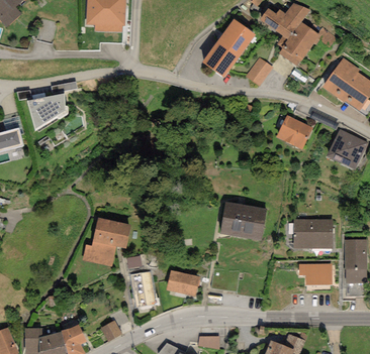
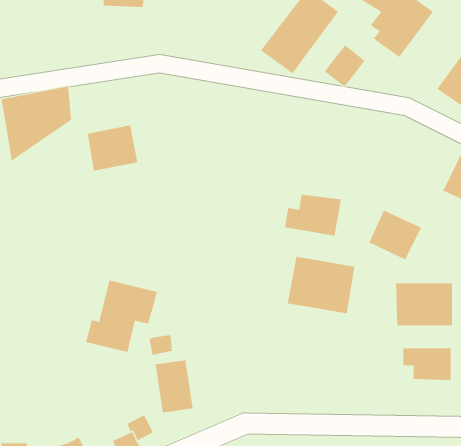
building: none -> [87,125,138,172]
building: [276,114,312,148] -> [369,210,422,260]
building: none -> [284,194,341,236]
building: [165,269,200,297] -> none

